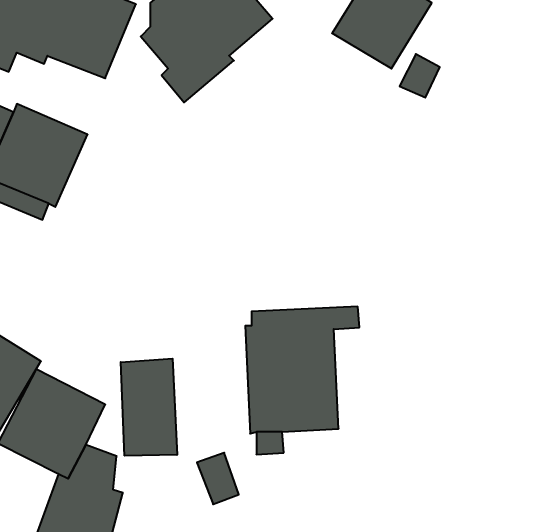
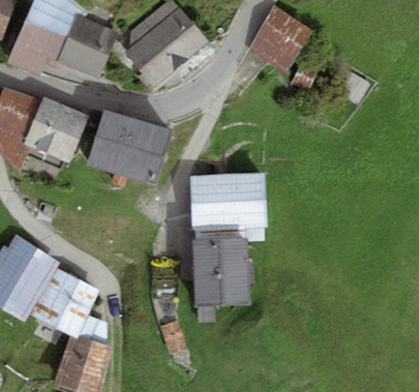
building: none -> [84,108,172,183]
building: none -> [187,171,267,229]
building: [121,359,177,456] -> none

